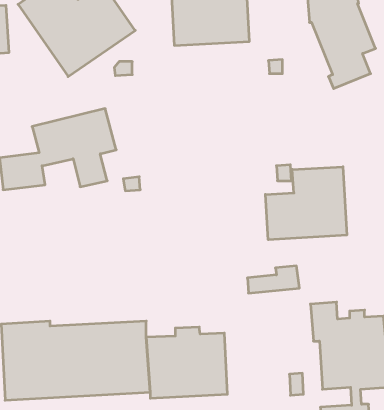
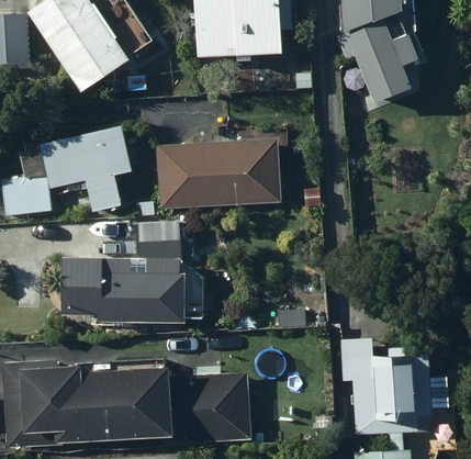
building: none -> [161,138,282,209]
building: [265,167,347,240] -> none
building: none -> [58,223,183,324]

